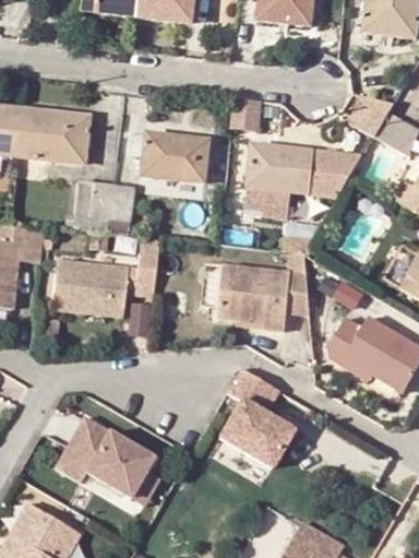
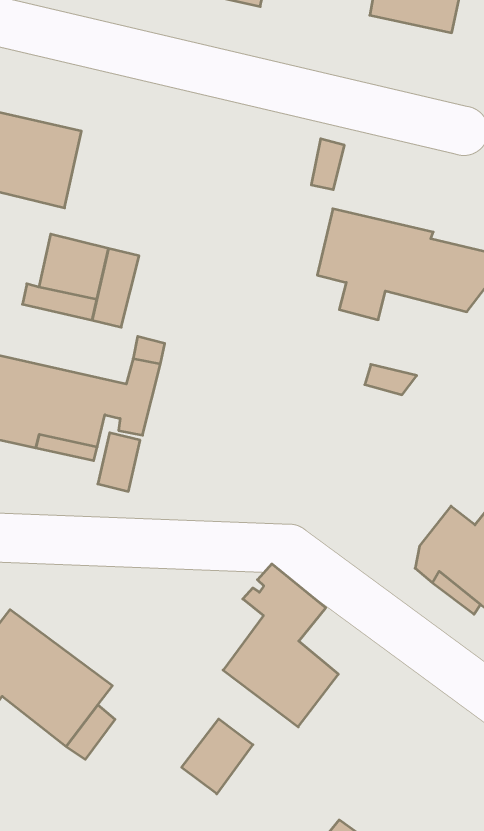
building: [129,130,211,180] -> none
building: [219,265,310,331] -> none
building: none -> [182,719,253,794]

